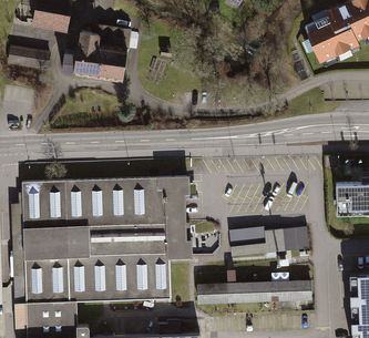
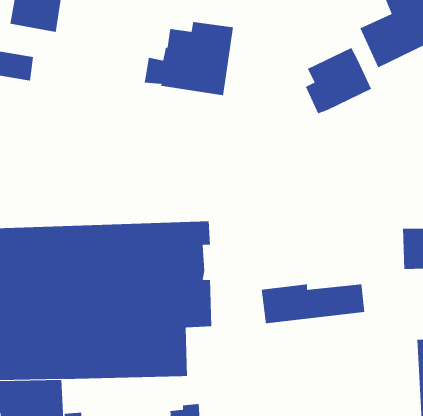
building: [62,24,132,82] -> [144,21,234,96]
building: none -> [305,47,372,114]
building: [194,272,310,306] -> none

